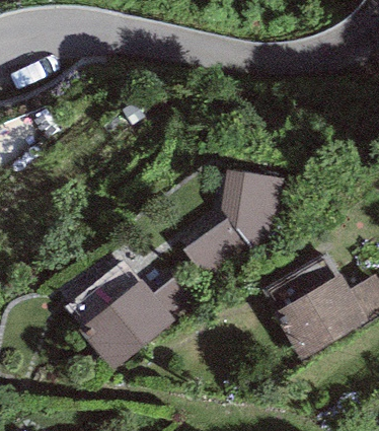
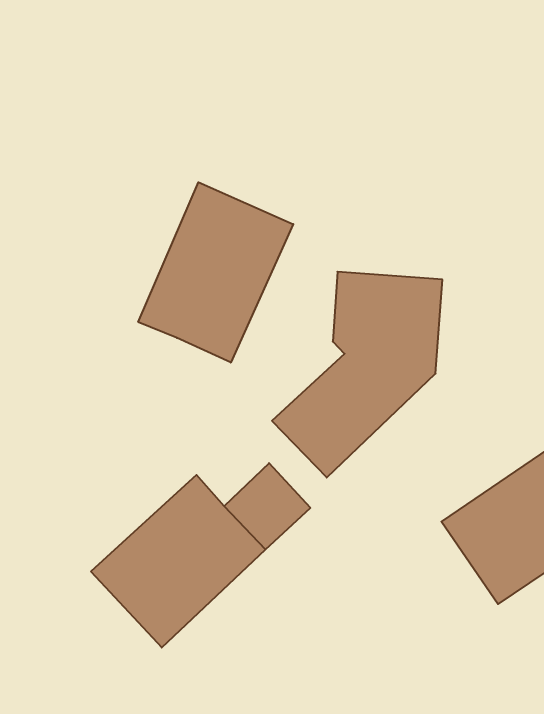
building: none -> [138,182,293,363]

